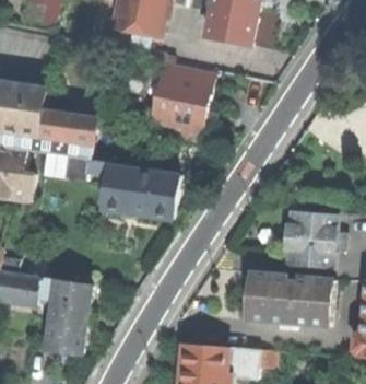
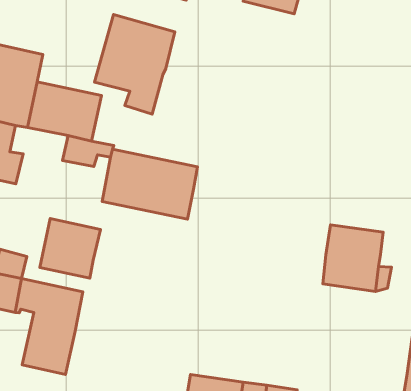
building: [147,61,211,141] -> [95,15,175,114]
building: none -> [40,219,100,278]
building: [246,272,332,326] -> none

